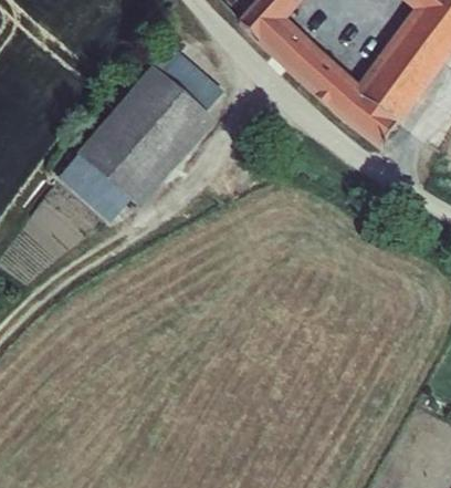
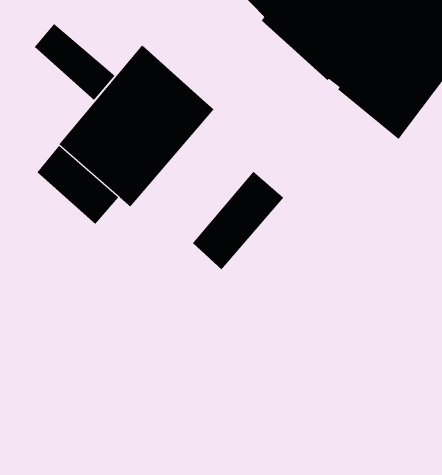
building: [153,43,224,112] -> [34,23,115,101]
building: none -> [192,171,284,270]

